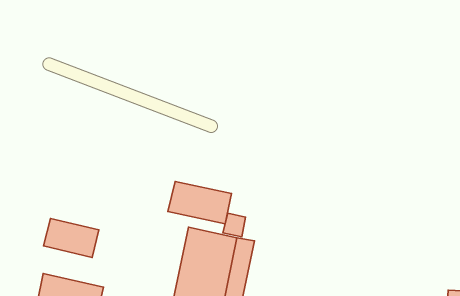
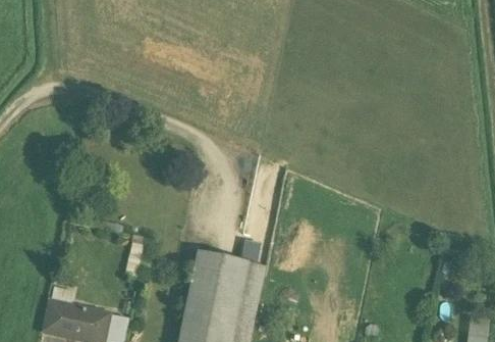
building: [168,182,232,224] -> none
building: [43,219,99,257] -> none

